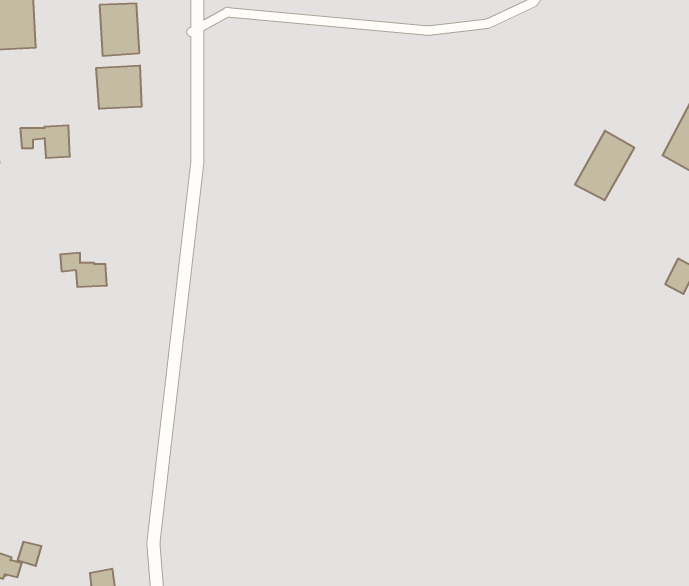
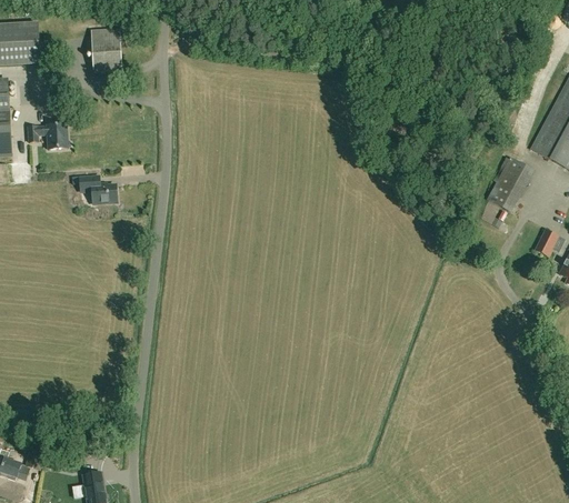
building: [96,65,142,109] -> none
building: [575,131,634,200] -> [487,157,533,211]
building: [60,253,107,287] -> [80,177,117,203]

